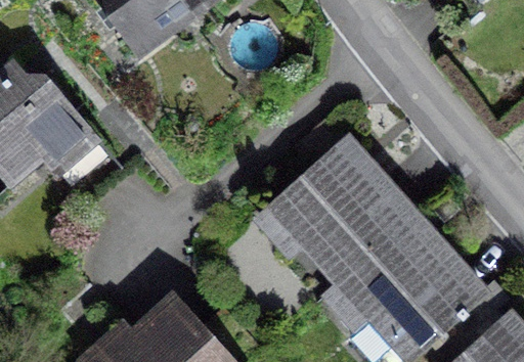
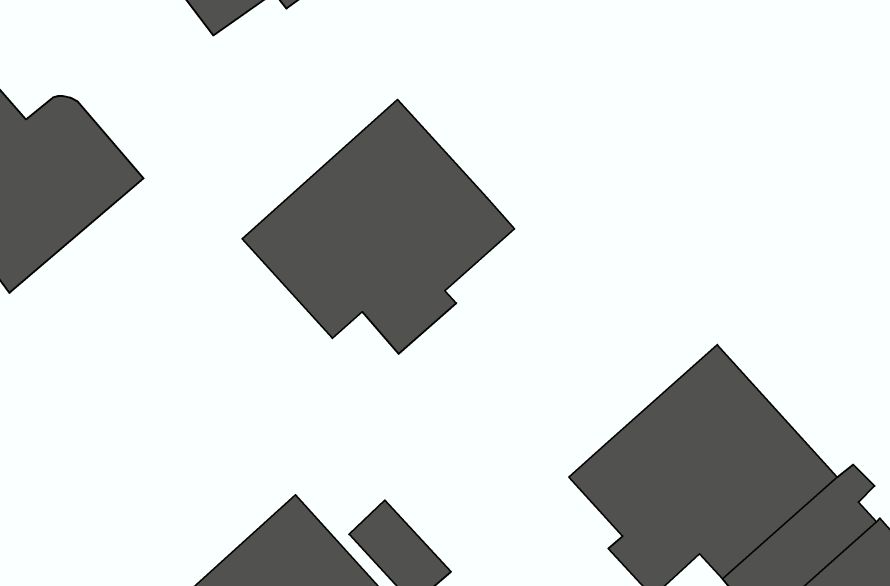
building: none -> [242,100,514,354]
building: [261,140,414,274] -> none

